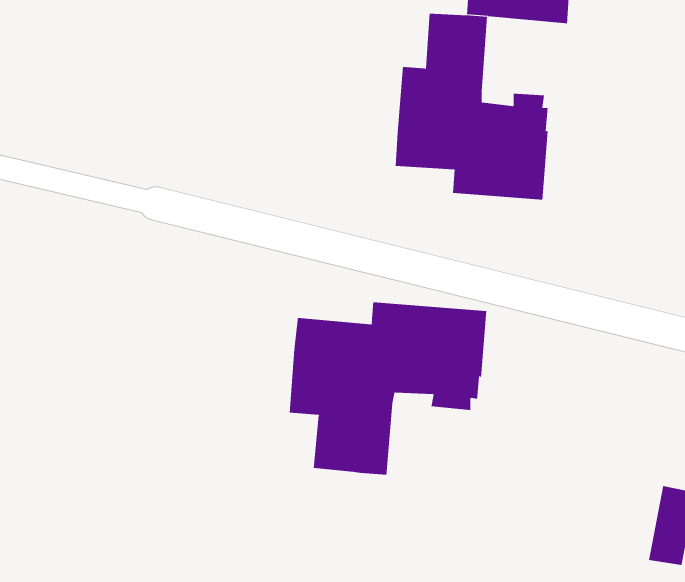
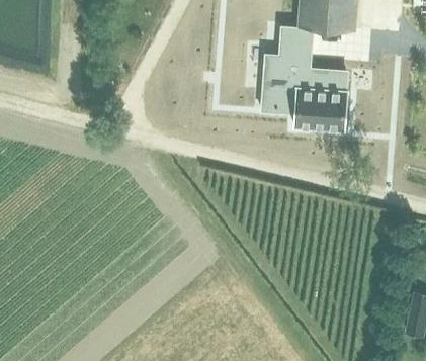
building: [289,301,487,475] -> none

